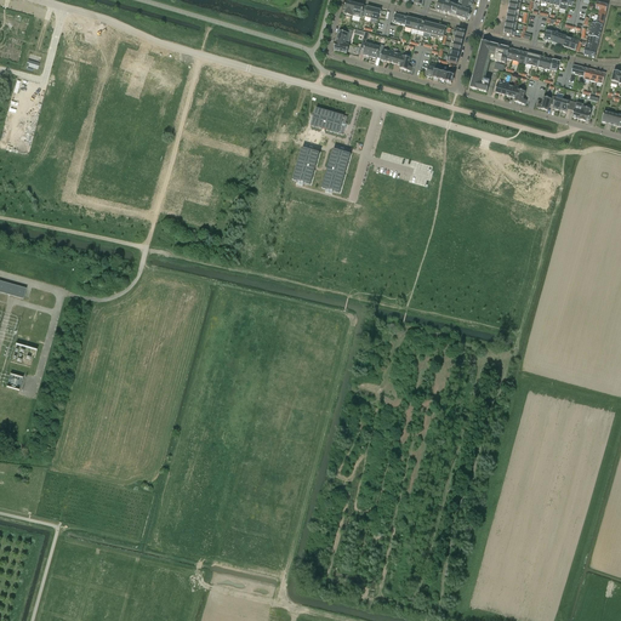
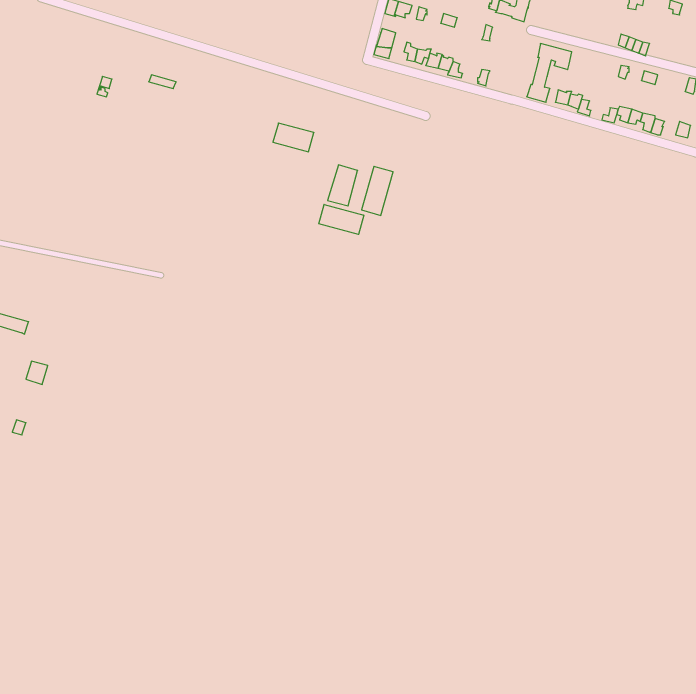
building: [309,107,346,132] -> [273,123,314,152]
building: none -> [319,204,364,234]

